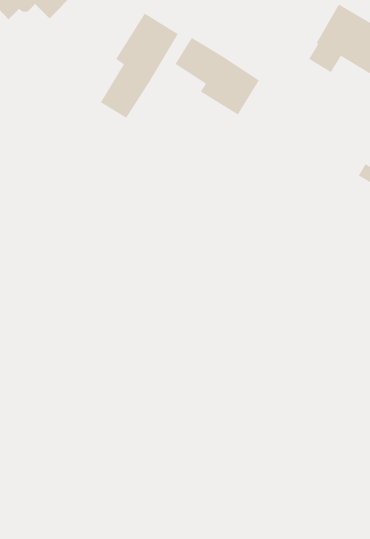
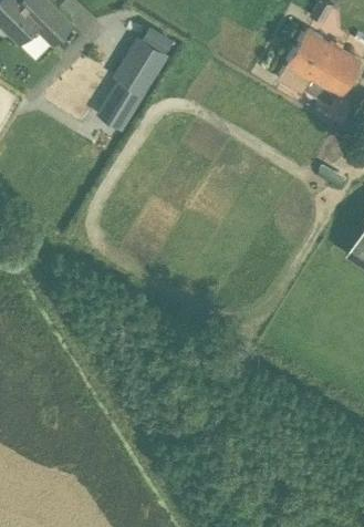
building: [174,37,260,116] -> none

